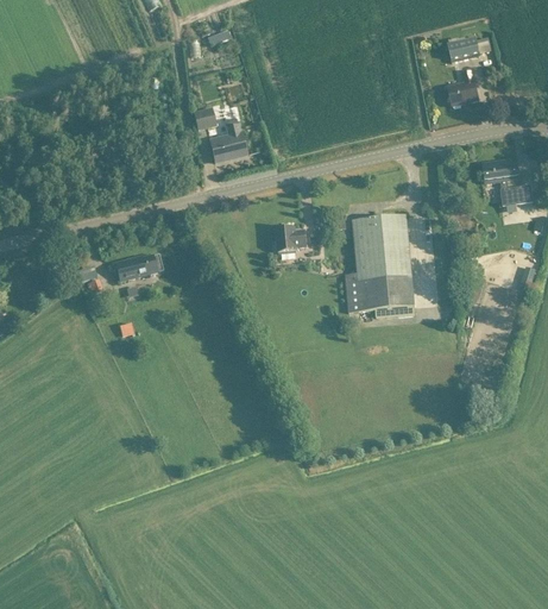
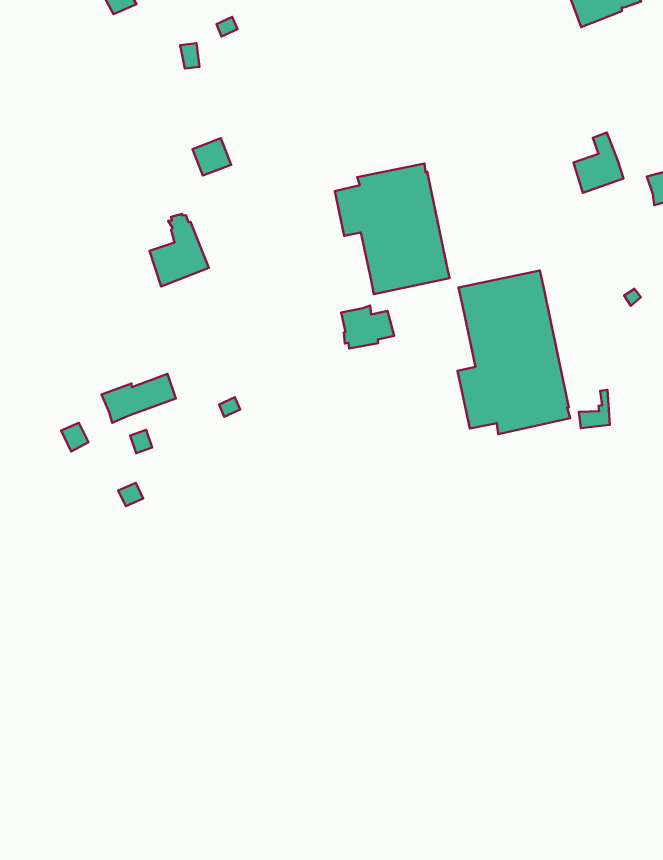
building: [447,69,478,106] -> [574,133,624,193]
building: [209,117,246,162] -> [149,214,209,286]
building: none -> [335,163,449,294]

